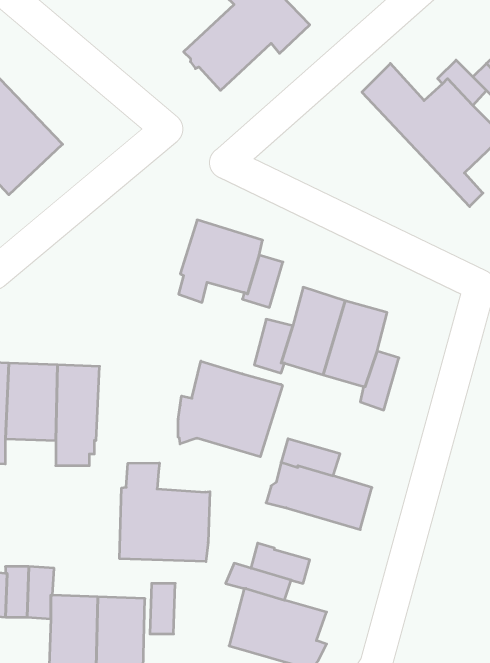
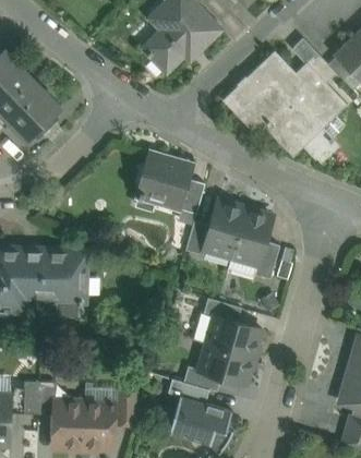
building: none -> [225,73,325,157]
building: [178,361,282,457] -> none
building: [120,463,210,562] -> none
building: none -> [198,342,254,384]

